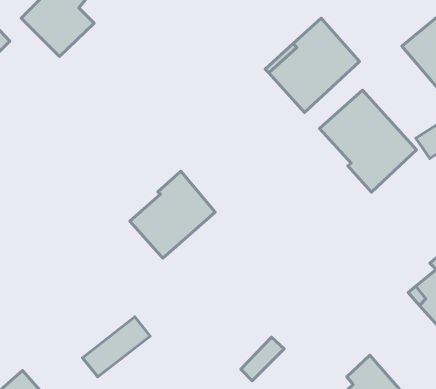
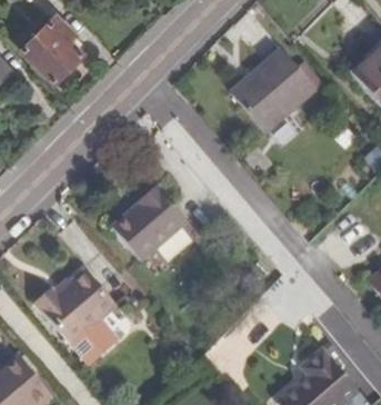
building: [319,90,416,192] -> none
building: none -> [38,267,119,342]

